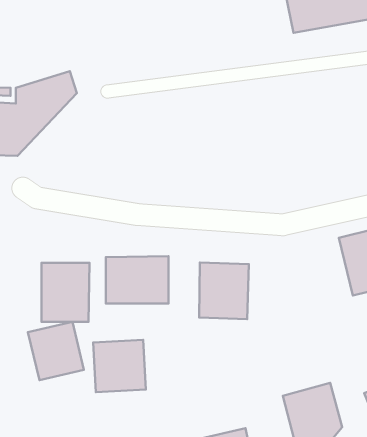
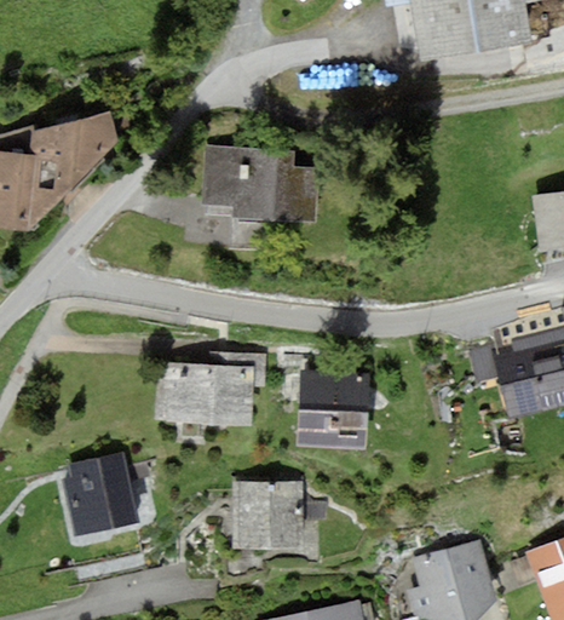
building: none -> [212,147,326,218]
building: [41,263,89,322] -> none
building: [93,340,146,392] -> [226,481,299,553]

